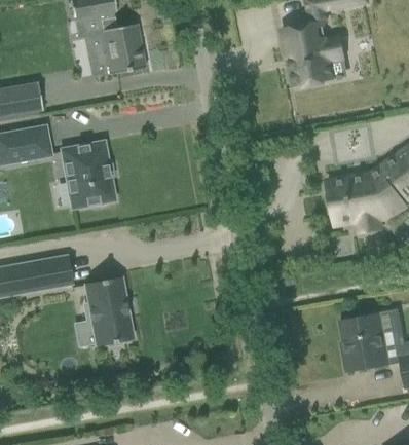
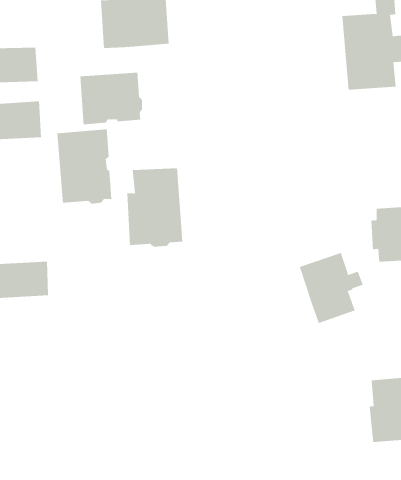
building: none -> [80,72,143,125]
building: none -> [299,252,364,324]
building: [82,277,133,345] -> [127,168,183,247]

